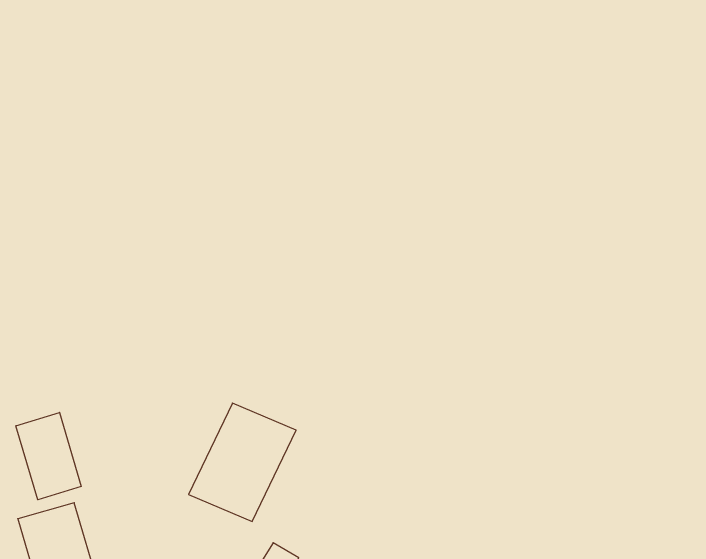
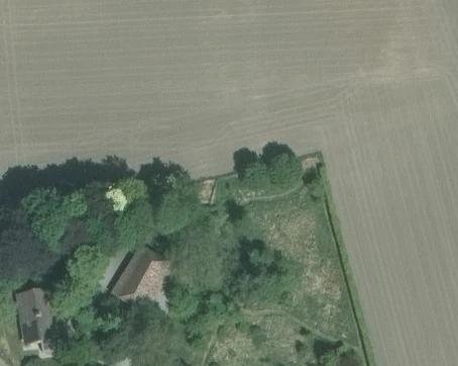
building: [16,412,81,500] -> none

